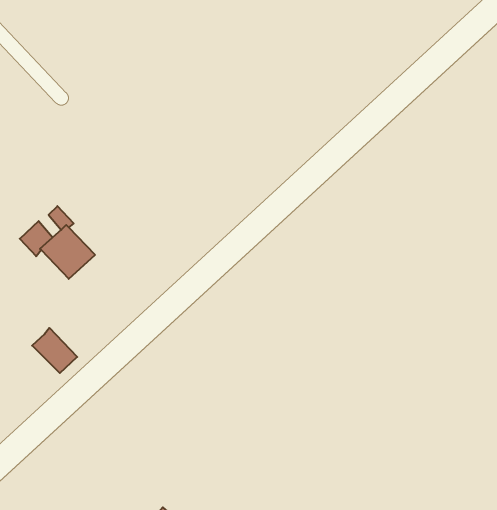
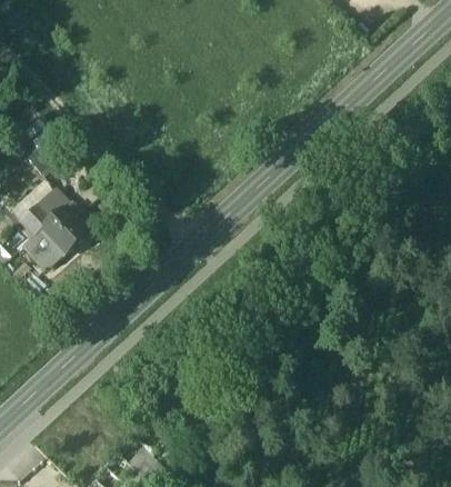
building: [32,328,77,373] -> [22,227,62,267]

